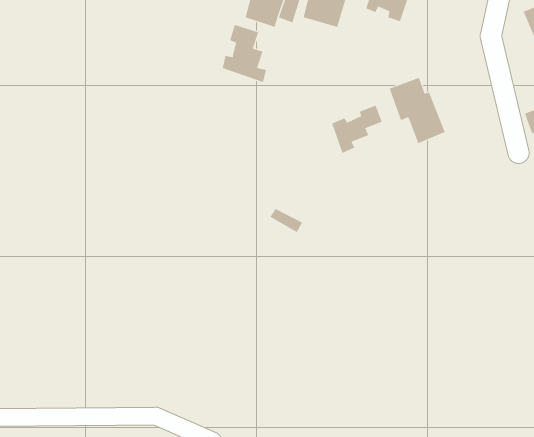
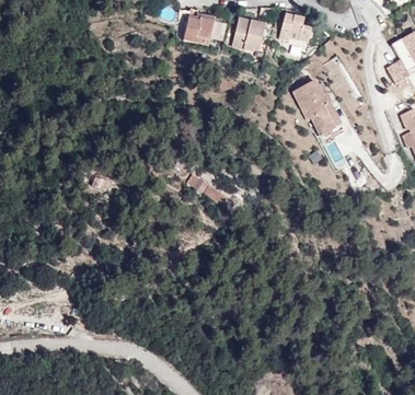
building: [222,24,266,83] -> none
building: [332,105,383,154] -> none

